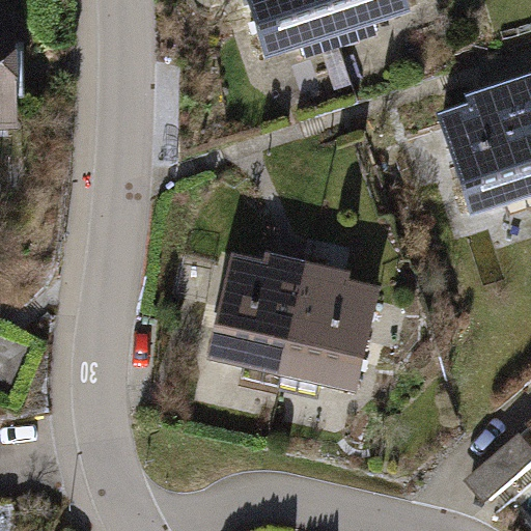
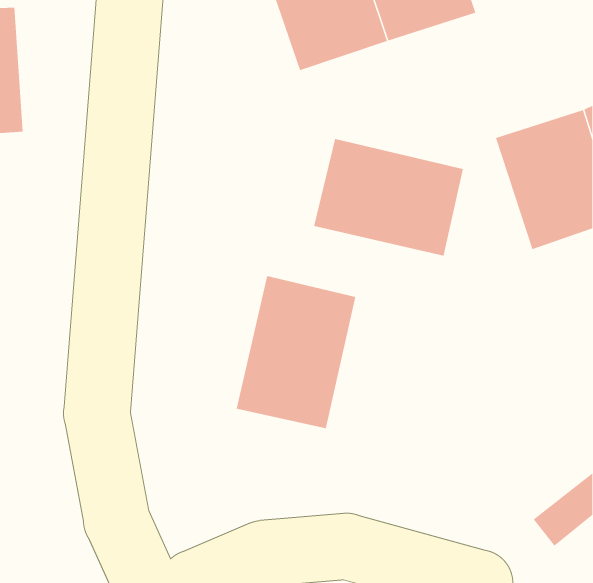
building: none -> [313,138,464,257]
building: [287,261,390,395] -> none

